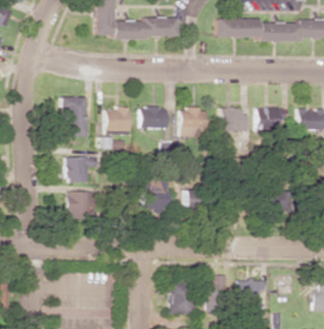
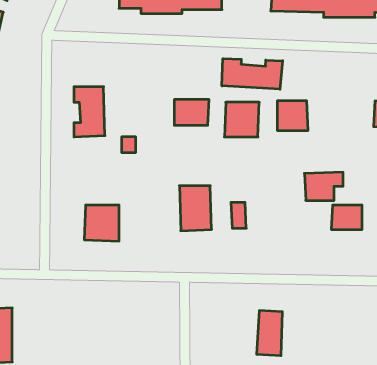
building: none -> [222,59,283,89]
building: [105,107,130,134] -> none
building: [257,107,287,129] -> [304,172,343,200]
building: [66,156,98,182] -> none
building: [167,280,195,314] -> none
building: [241,280,266,304] -> none

